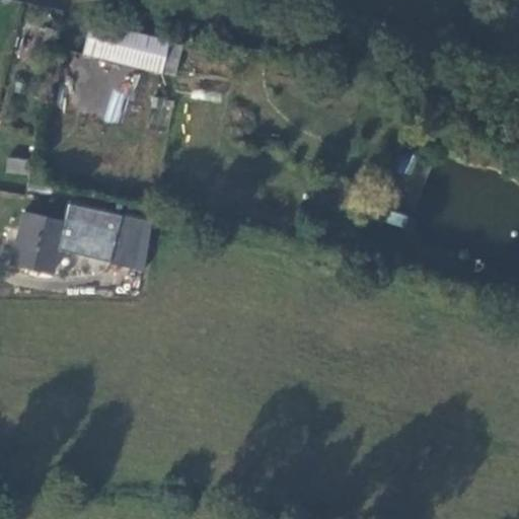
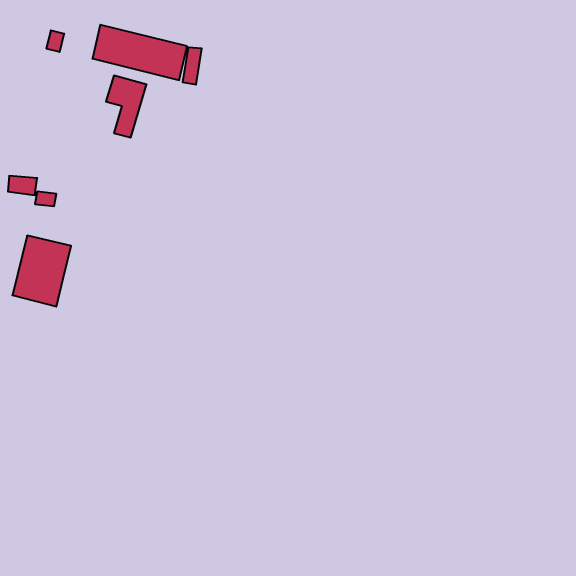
building: [57,204,121,264] -> none
building: [120,220,151,256] -> none

